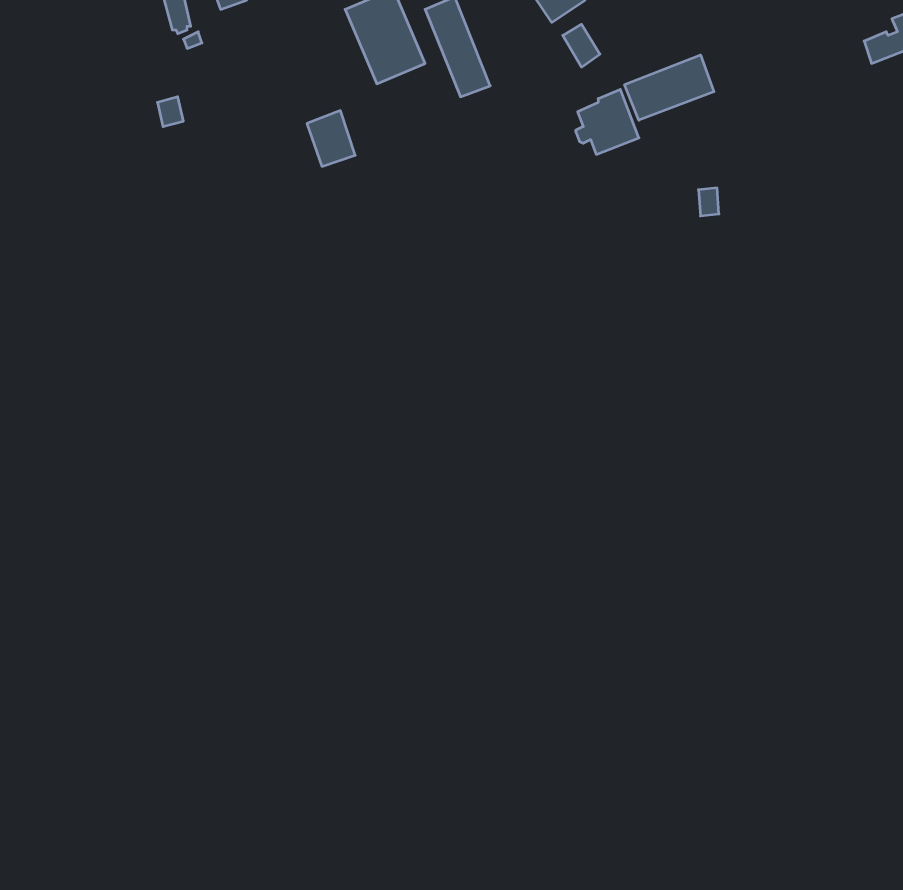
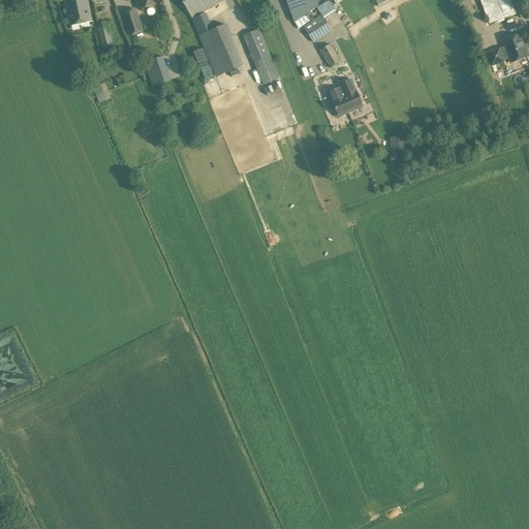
building: [625,55,714,120] -> none
building: [307,111,355,166] -> [144,54,170,85]

